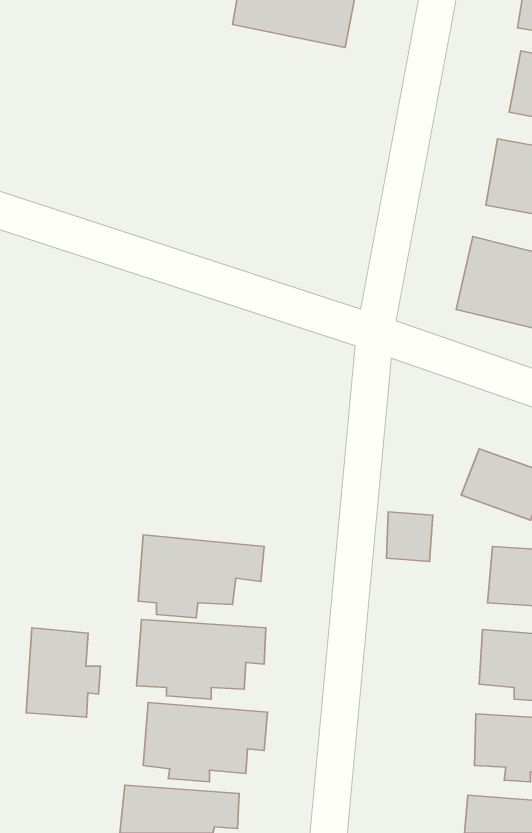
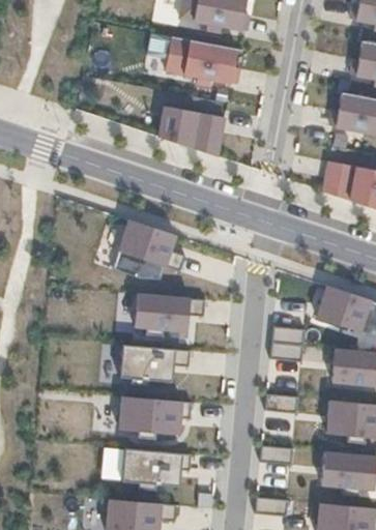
building: none -> [163,37,243,90]
building: none -> [162,104,223,152]
building: none -> [113,215,192,279]
building: none -> [132,290,211,340]
building: [26,628,100,717] -> none

